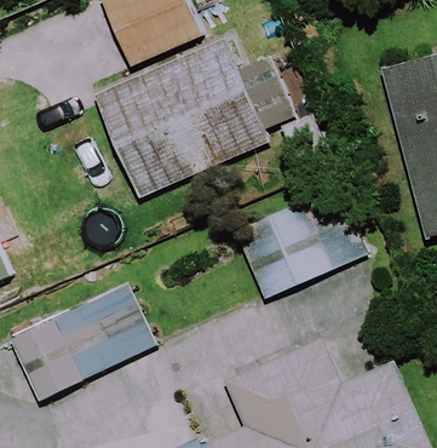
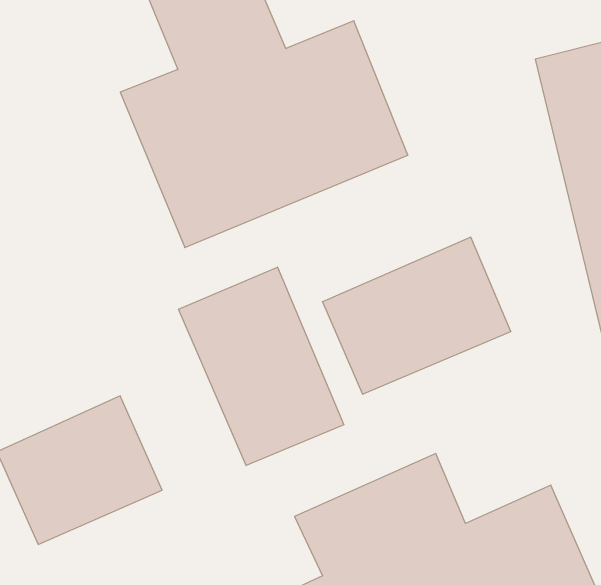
building: none -> [179,267,344,466]

